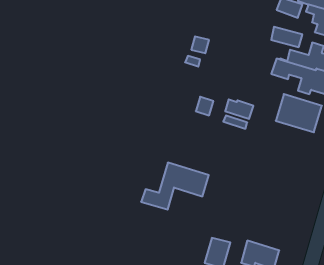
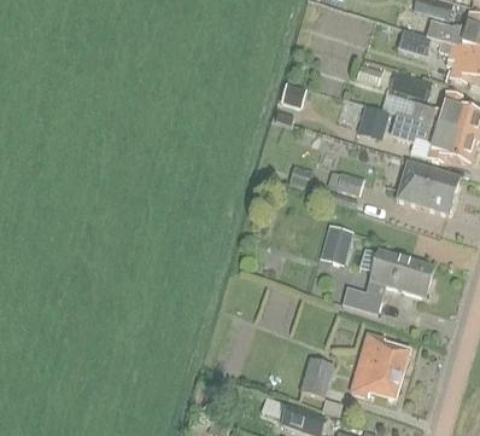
building: none -> [357,105,391,140]
building: none -> [320,225,353,266]
building: [141,163,209,210] -> [341,250,433,314]
building: none -> [358,332,409,374]

